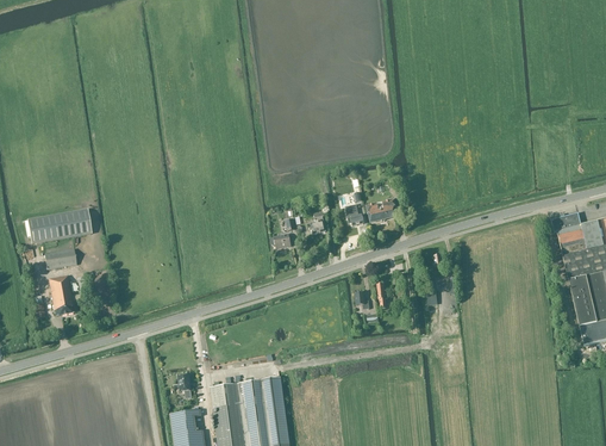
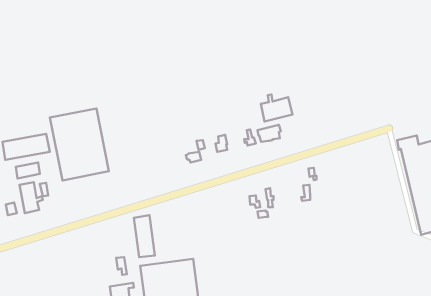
building: none -> [261,95,293,122]
building: none -> [50,108,109,180]
building: none -> [134,215,155,257]

